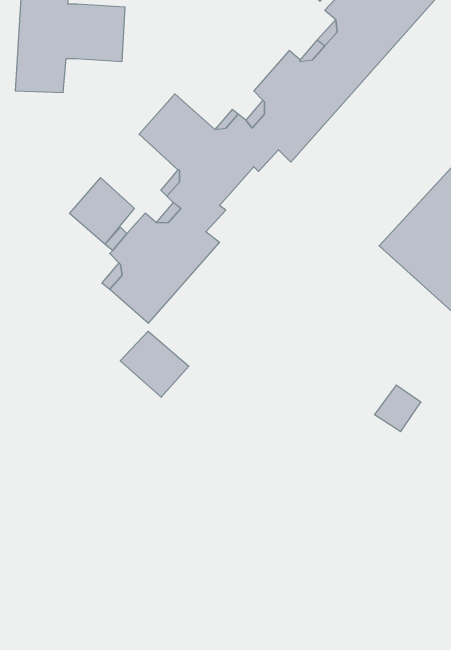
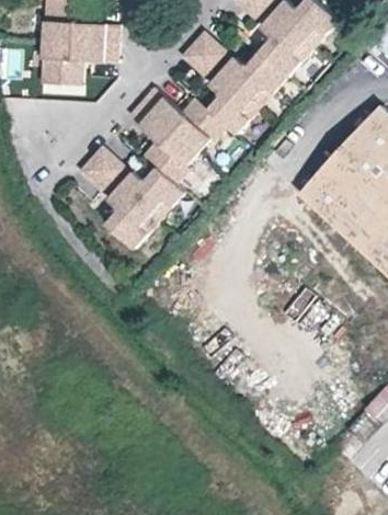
building: none -> [182,31,228,78]
building: [120,331,189,397] -> none

